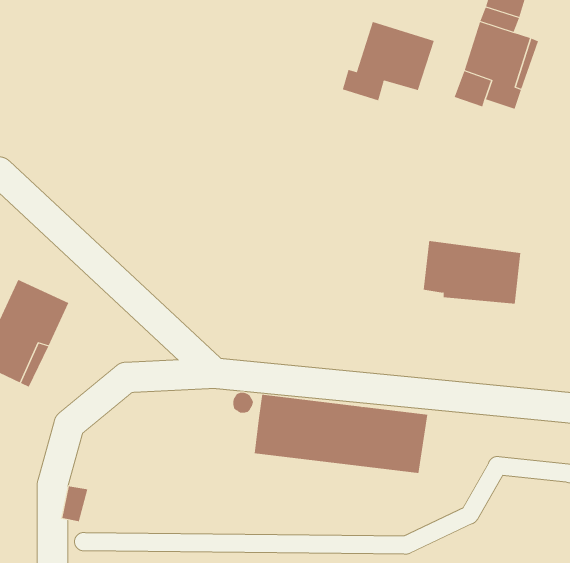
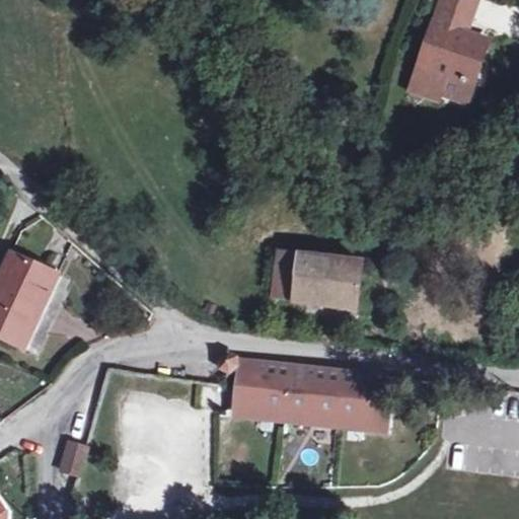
building: [342,21,434,101] -> none
building: [423,241,521,304] -> [270,252,359,310]

